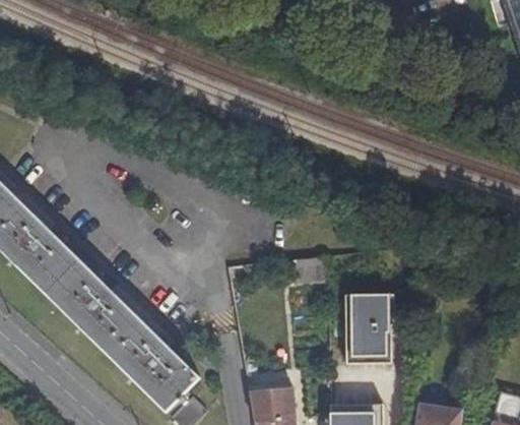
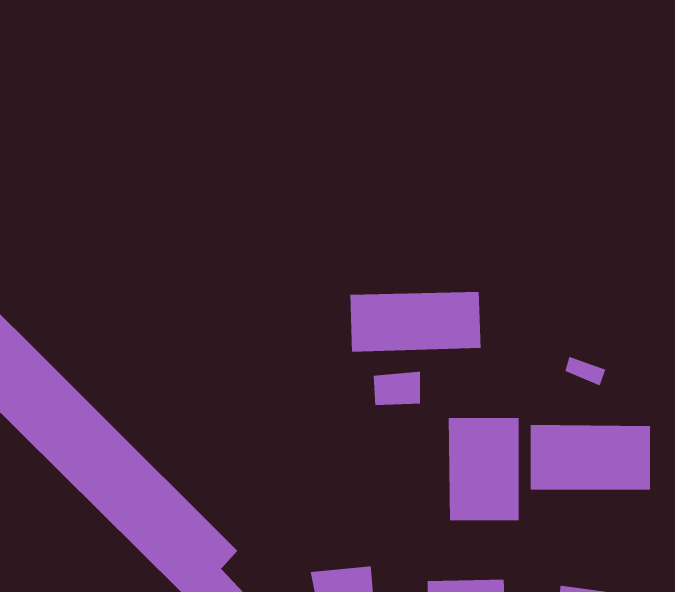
building: none -> [350,291,481,353]
building: none -> [530,424,650,490]

